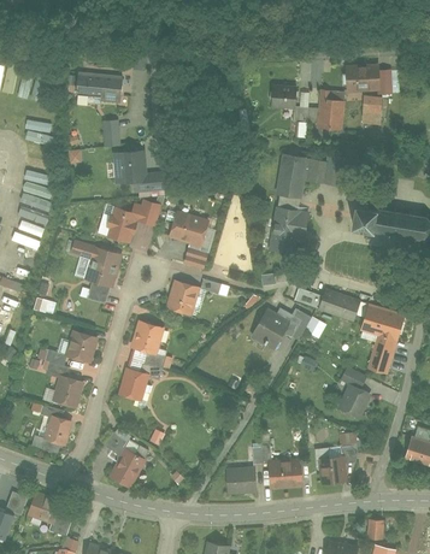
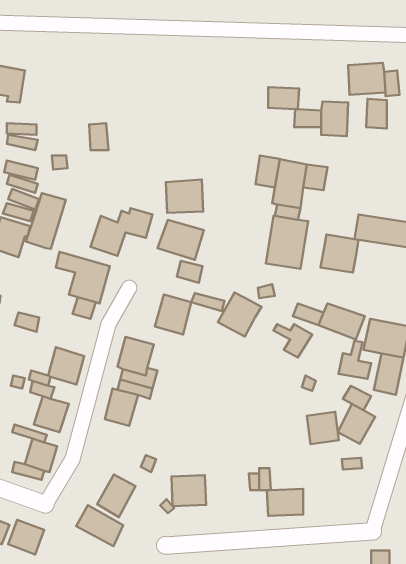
building: [77,73,125,105] -> none
building: none -> [256,155,280,187]
building: [114,152,149,183] -> [166,179,203,213]
building: none -> [26,193,66,249]
building: none -> [321,235,359,273]
building: [251,310,291,350] -> [218,293,261,336]
building: none -> [339,341,371,379]
building: [318,456,348,487] -> [307,412,339,444]
building: [225,467,258,496] -> [171,475,206,506]
building: none -> [76,505,123,546]

